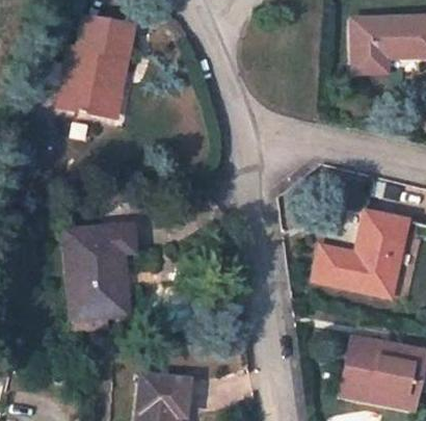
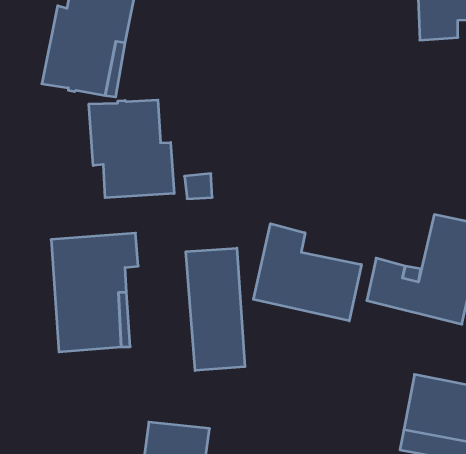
building: none -> [89,100,174,198]
building: none -> [253,224,361,321]
building: none -> [186,248,245,371]

